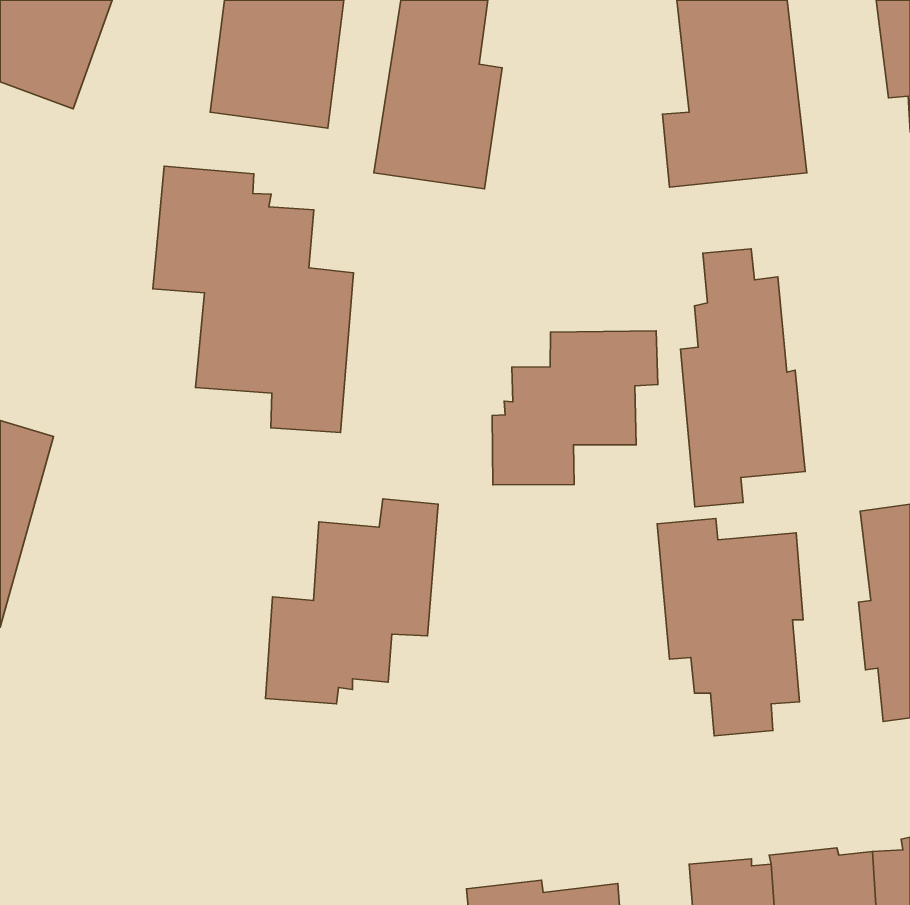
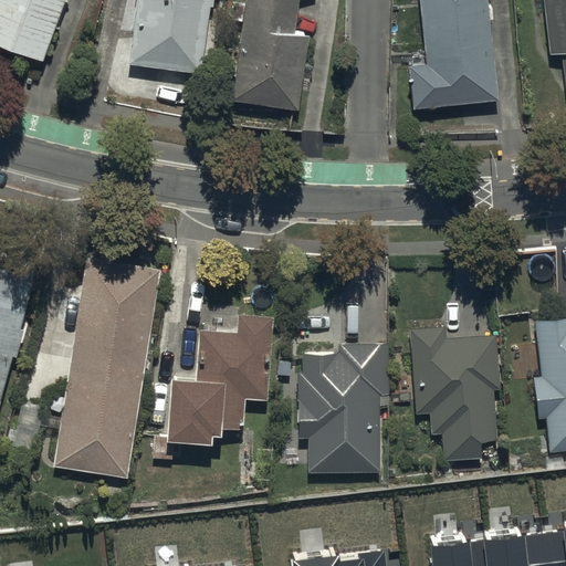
building: [153,166,353,432] -> none
building: [681,249,805,507] -> none
building: [492,331,658,485] -> none
building: none -> [53,256,159,476]
building: none -> [296,344,388,472]

